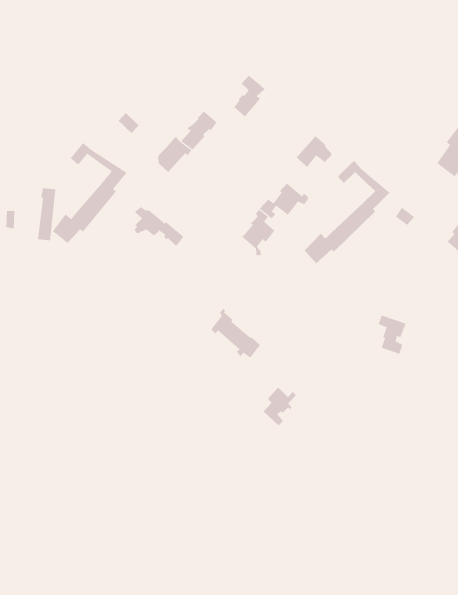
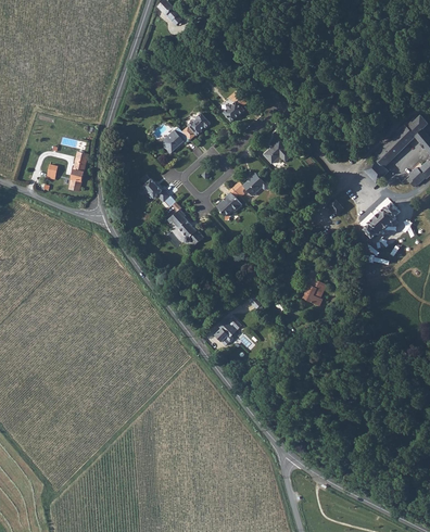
building: [52,142,127,244] -> none
building: [304,160,391,264] -> none
building: [210,308,261,358] -> [167,206,202,245]

